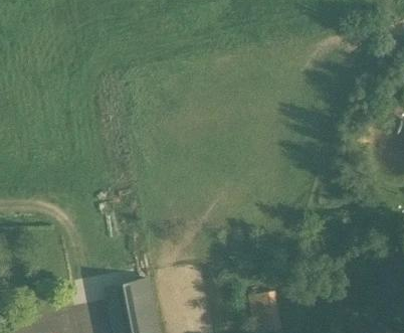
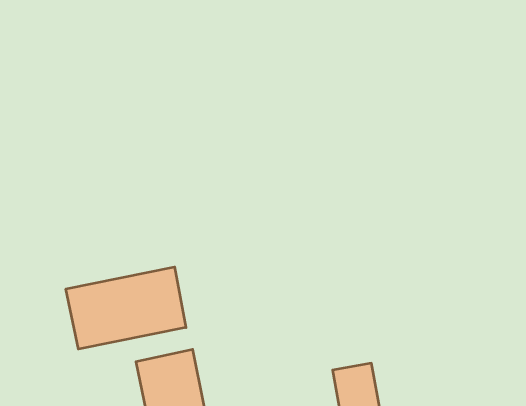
building: none -> [66,267,186,349]

